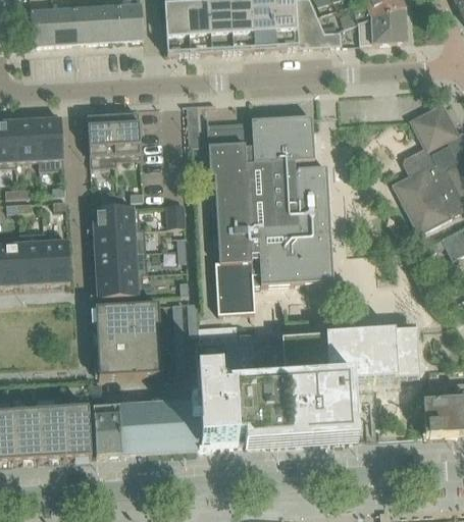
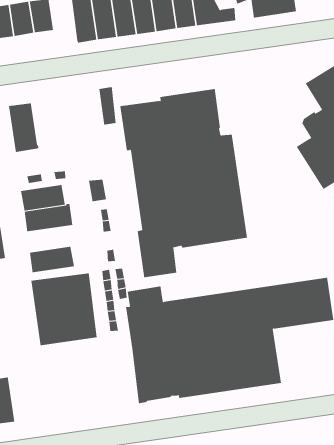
building: [112,112,141,160] -> none
building: [95,250,147,275] -> none
building: [93,388,200,455] -> none
building: [62,407,91,457] -> none

